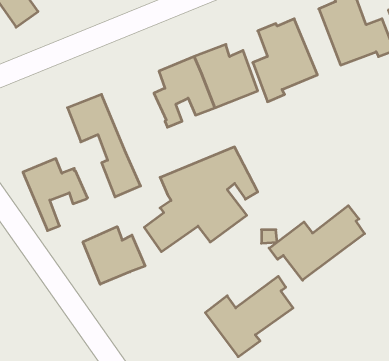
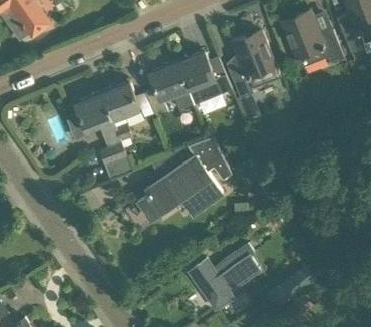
building: [23,159,88,231] -> [102,82,155,141]
building: [269,206,365,280] -> none
building: [83,227,145,284] -> none

